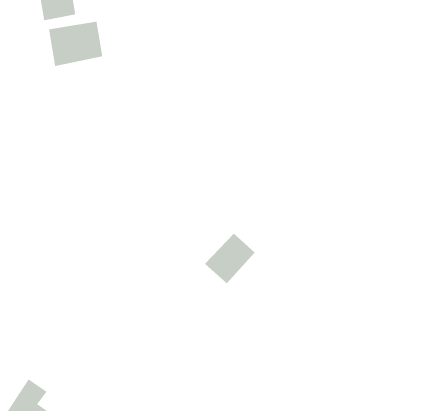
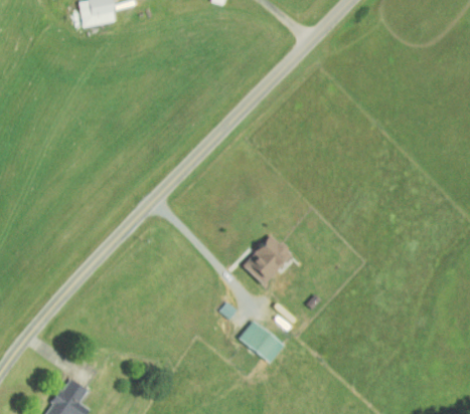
building: [49,21,103,67] -> none
building: none -> [239,321,284,363]

